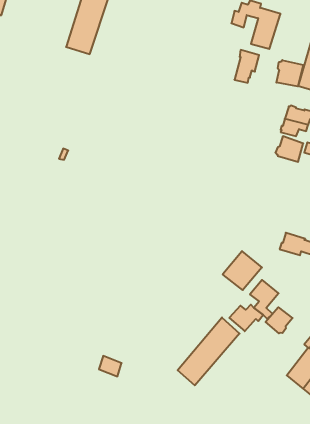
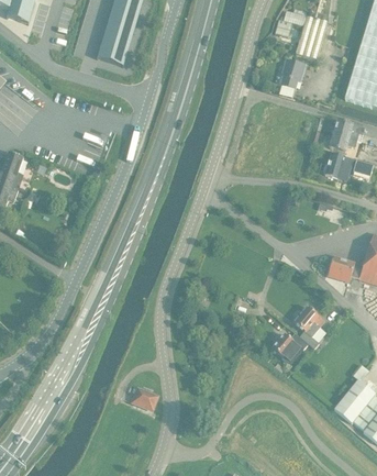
building: [276,60,303,86] -> none
building: [223,251,262,290] -> none
building: [266,307,293,333] -> none
building: [178,317,240,385] -> none

